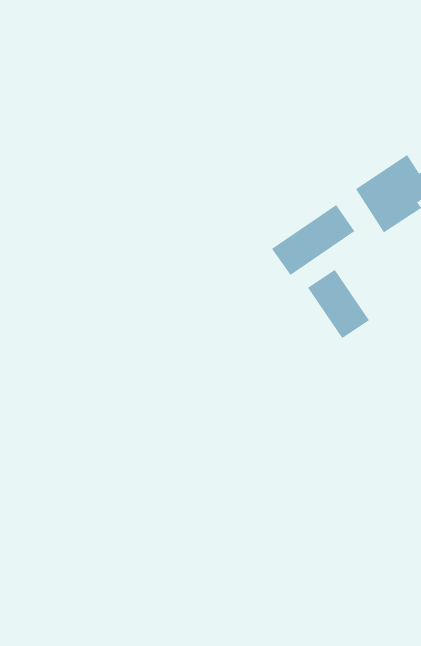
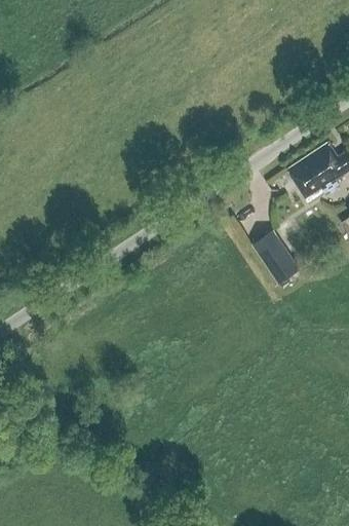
building: [271,204,355,276] -> none

